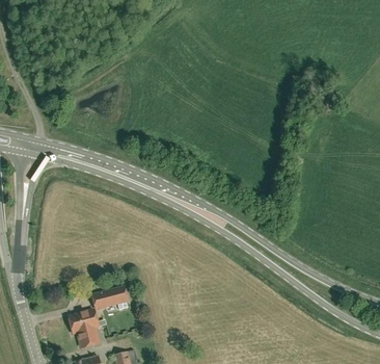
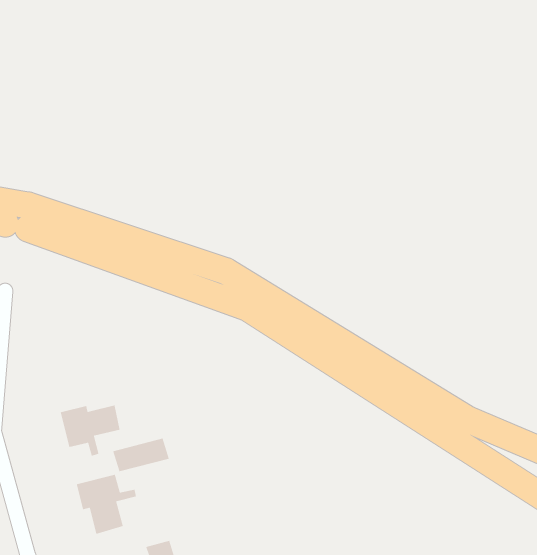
building: none -> [60,404,120,457]

